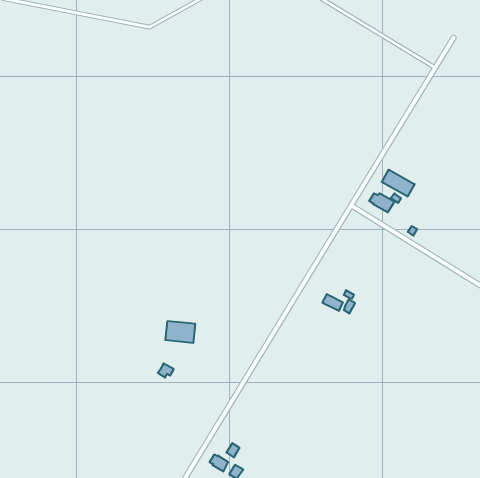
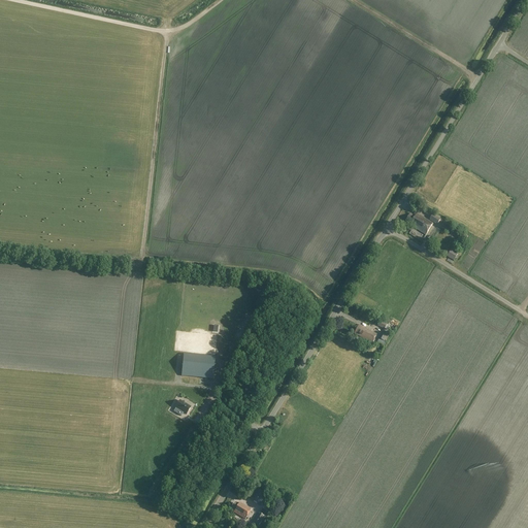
building: [382,170,415,197] -> none

